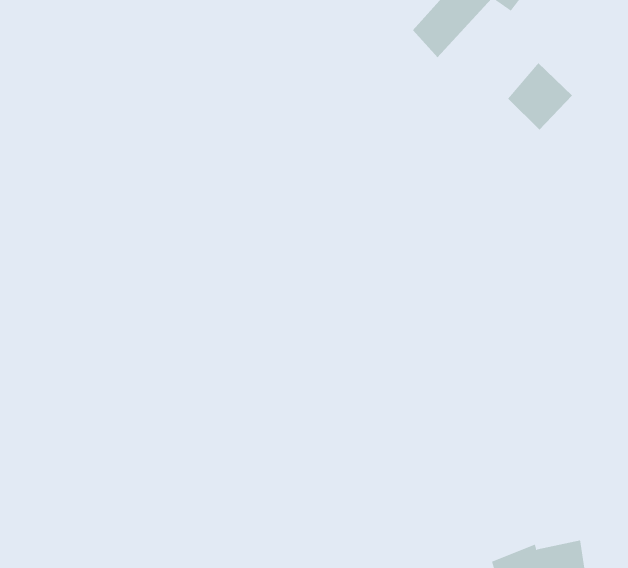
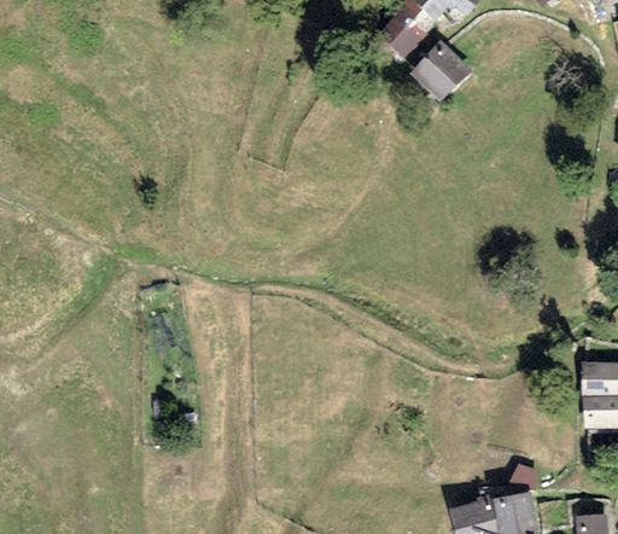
building: [507,62,573,130] -> [412,39,471,100]

